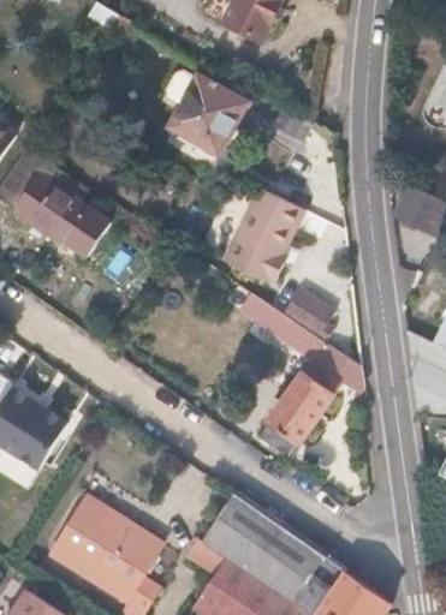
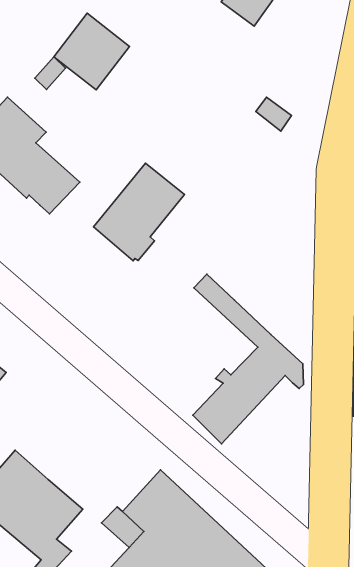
building: [172,77,245,151] -> [54,13,129,90]
building: [220,183,305,281] -> [93,163,185,261]
building: [283,288,335,344] -> none

